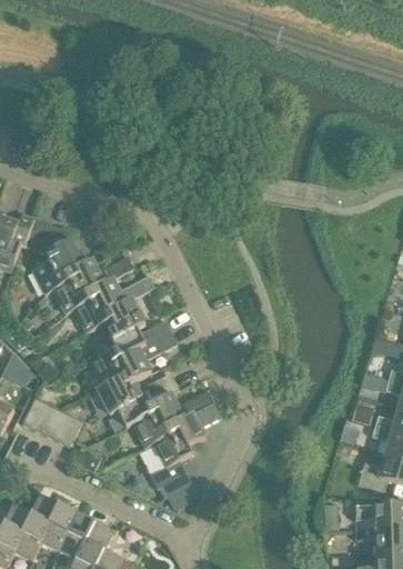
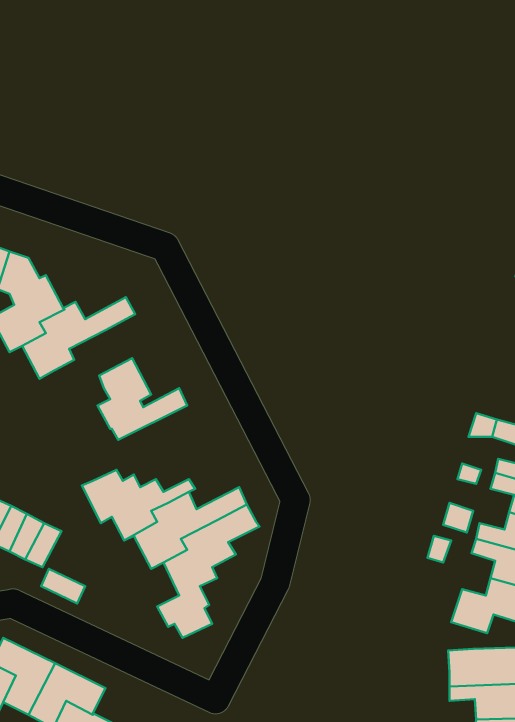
building: [74,276,154,333] -> none
building: [92,332,178,386] -> none

